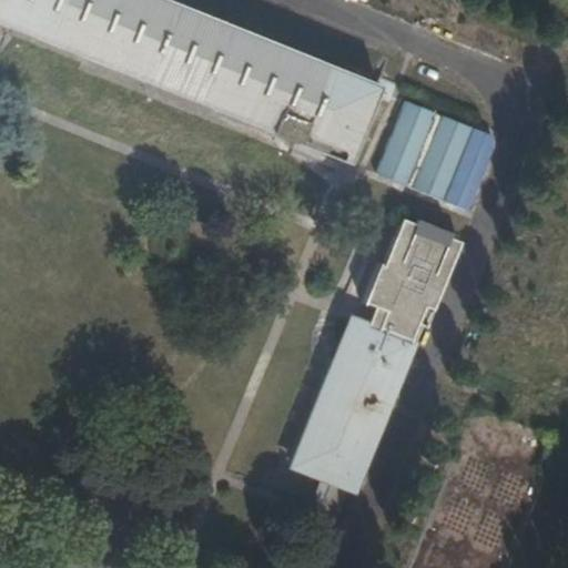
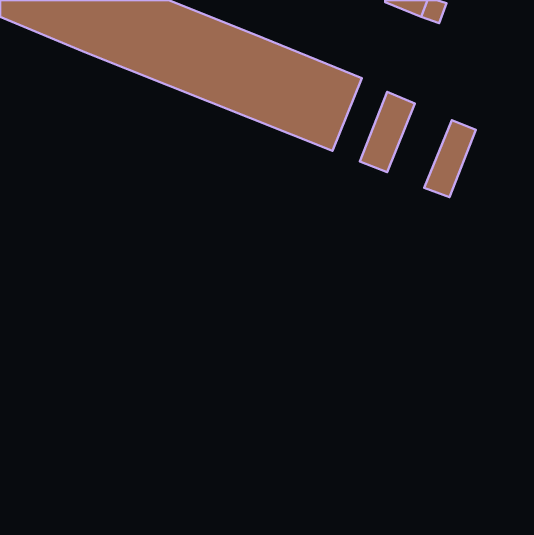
building: [418,115,478,200] -> none
building: [293,220,460,487] -> none

